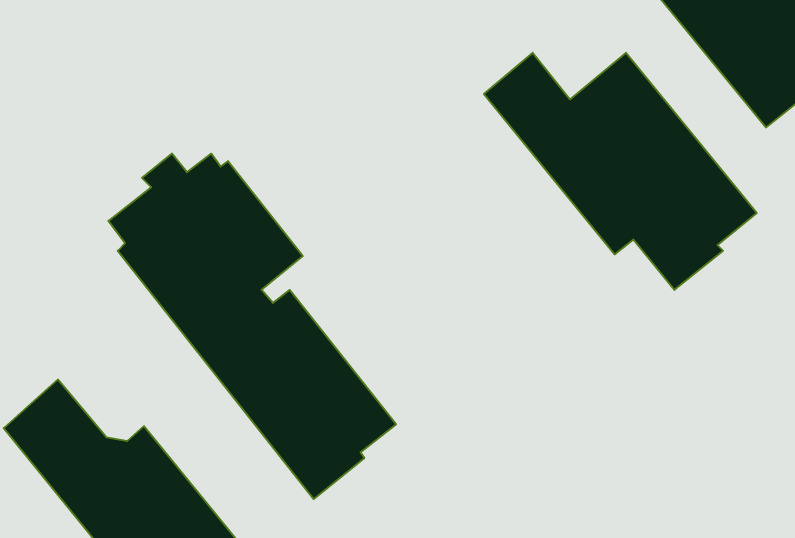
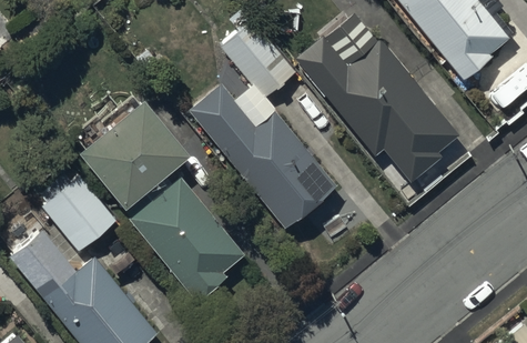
building: none -> [222,10,296,100]
building: none -> [189,84,337,230]
building: none -> [41,176,116,253]

